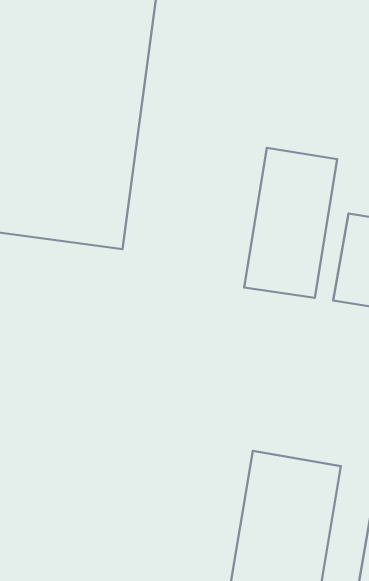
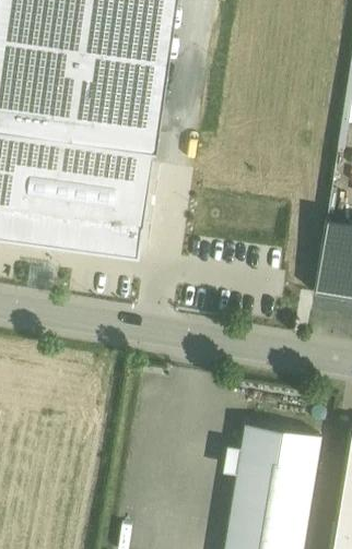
building: [244,148,337,298] -> none

